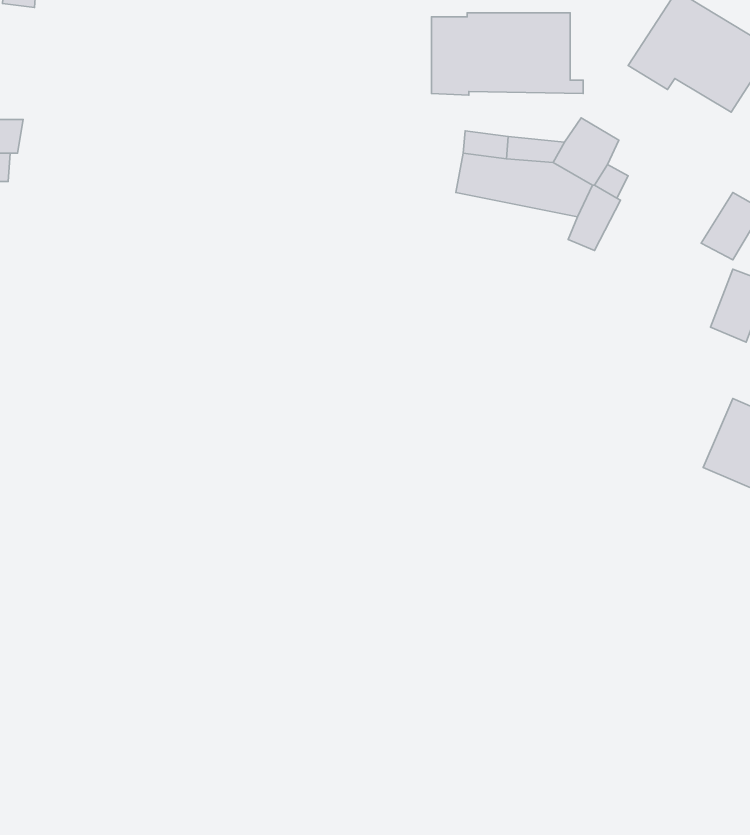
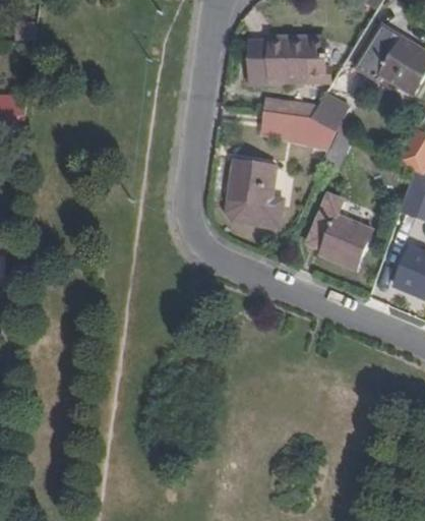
building: none -> [228,159,279,218]
building: none -> [309,194,370,268]

